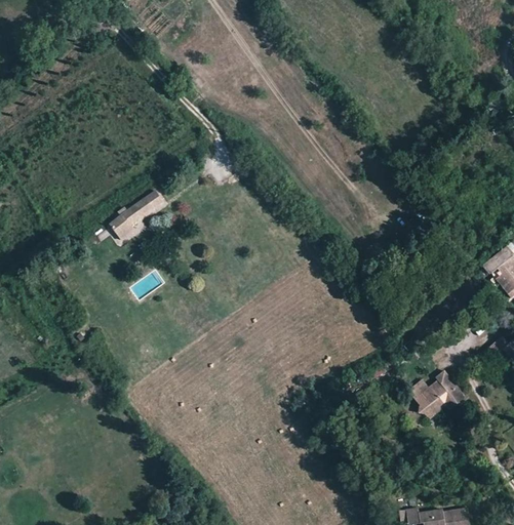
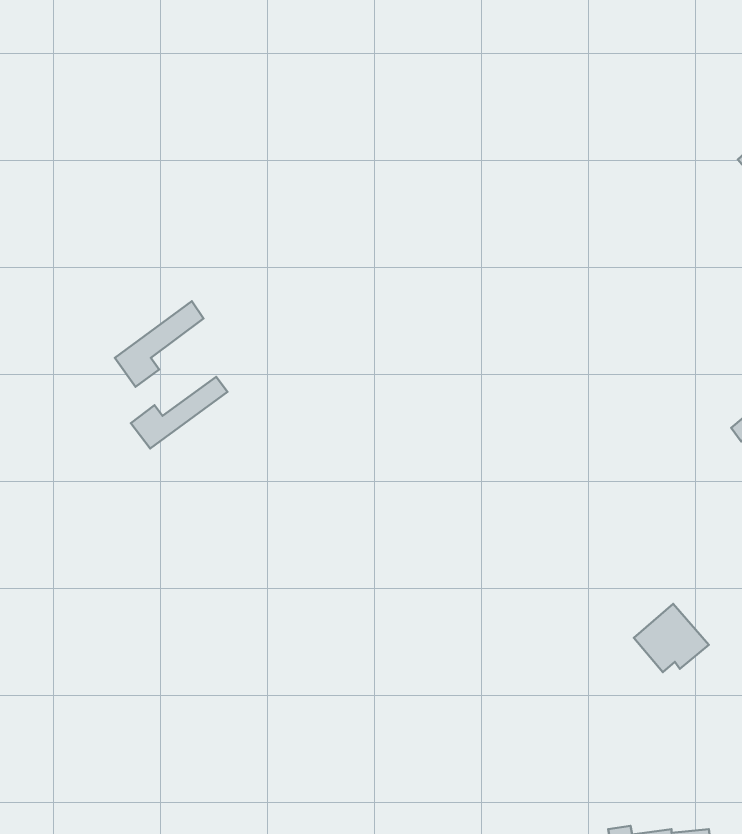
building: none -> [131,377,228,448]

